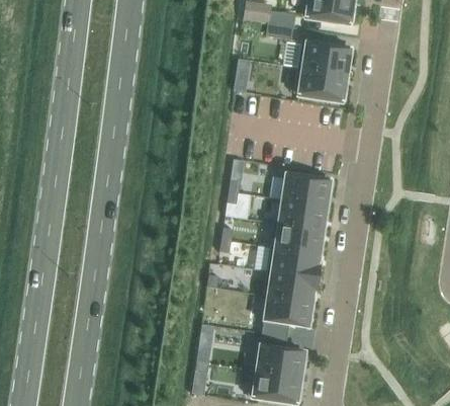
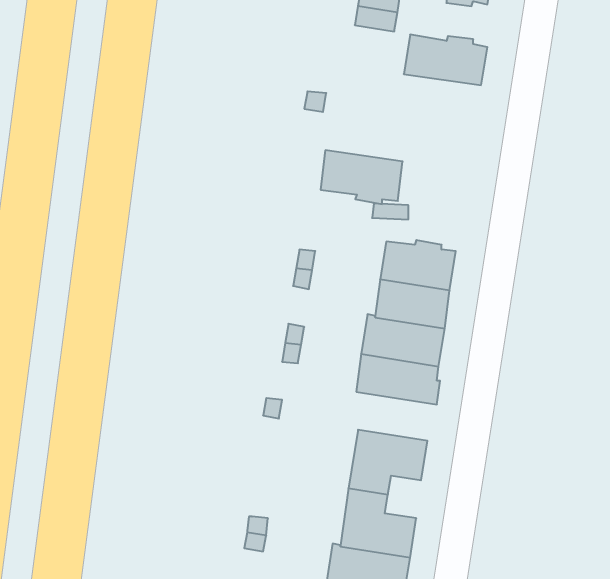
building: [294,67,347,101] -> [321,150,403,204]
building: [263,270,319,302] -> none

